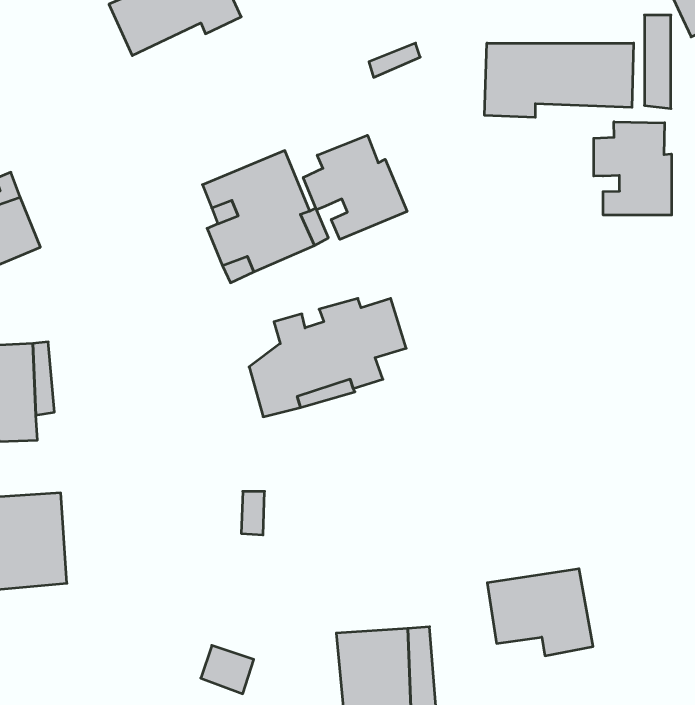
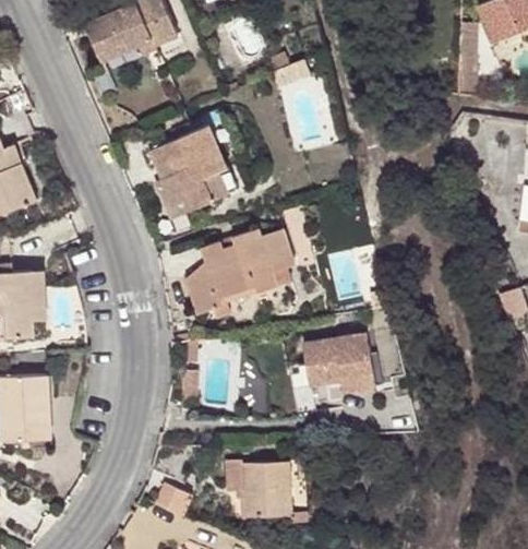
building: [485,43,634,117] -> none
building: [594,122,672,215] -> none
building: [303,135,407,239] -> none
building: [487,569,593,656] -> [302,334,376,395]

